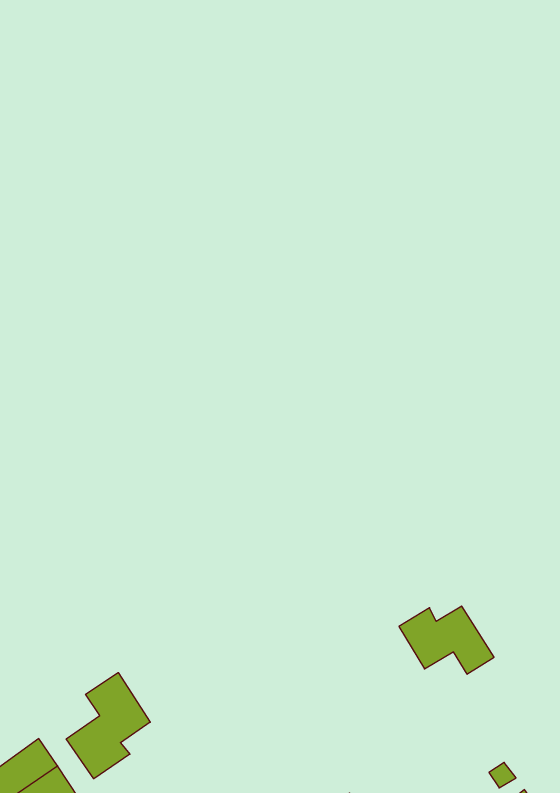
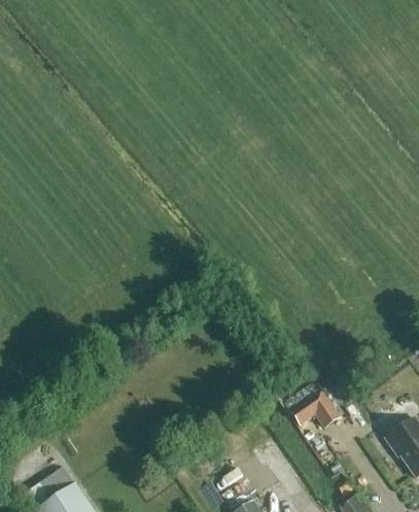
building: [66,673,150,779] -> none

